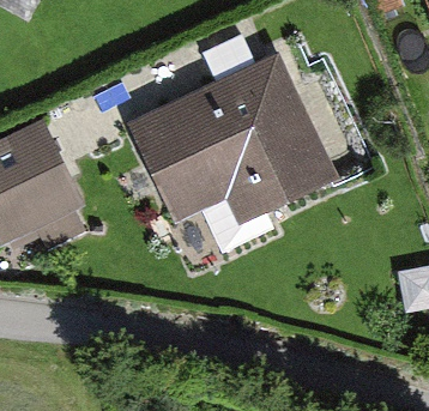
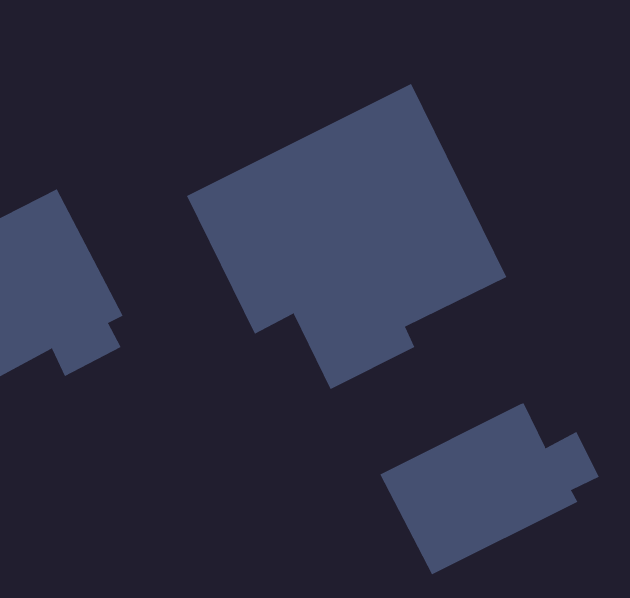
building: none -> [379,402,600,575]

